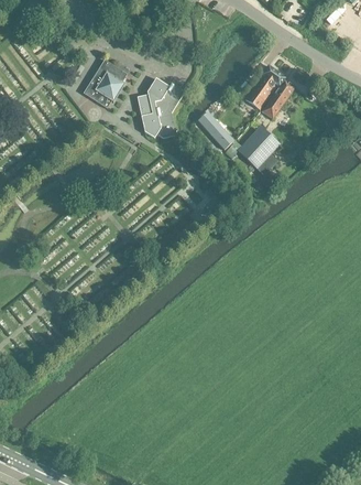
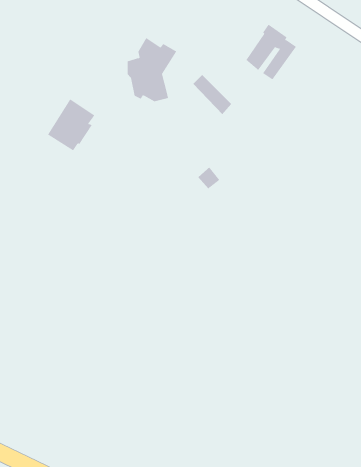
building: [83,58,127,107] -> [47,99,95,151]
building: [237,127,278,175] -> none

